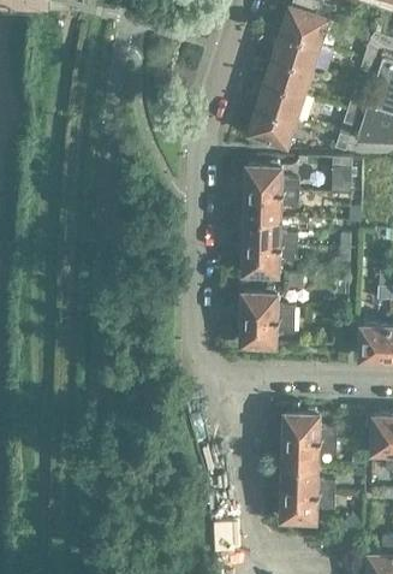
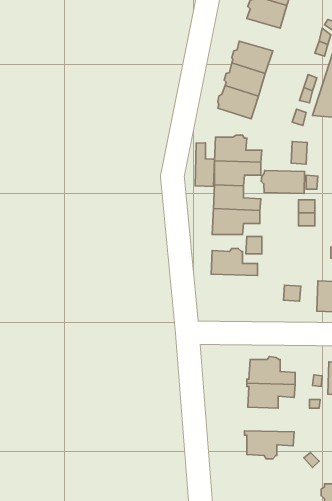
building: [274,32,320,69] -> none
building: none -> [195,143,214,186]
building: none -> [261,170,304,193]
building: [242,318,294,348] -> none
building: [280,466,335,493] -> none

